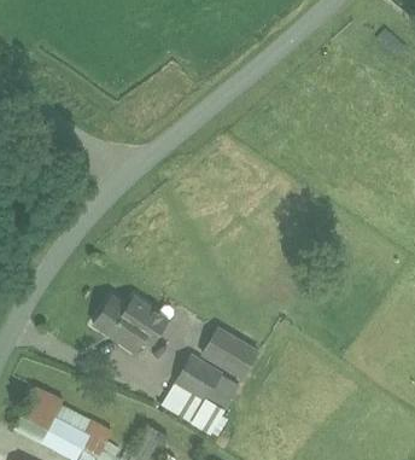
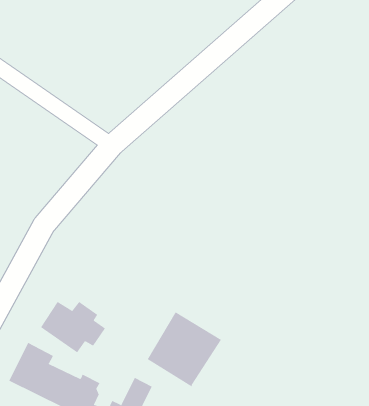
building: [94,297,164,353] -> [40,301,106,353]
building: [199,327,259,380] -> none

